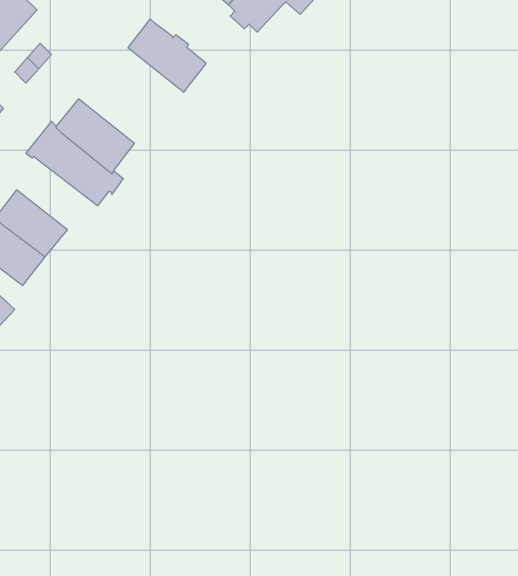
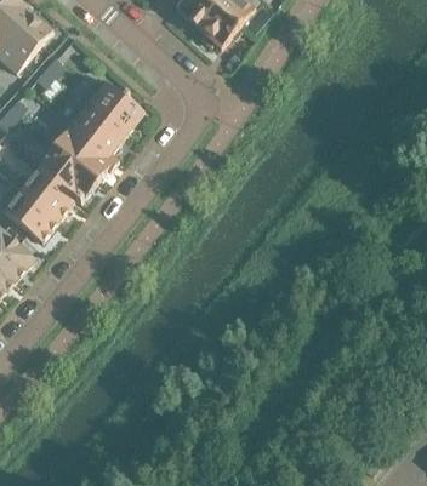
building: [128,19,206,92] -> [85,78,144,133]
building: none -> [33,143,99,204]

